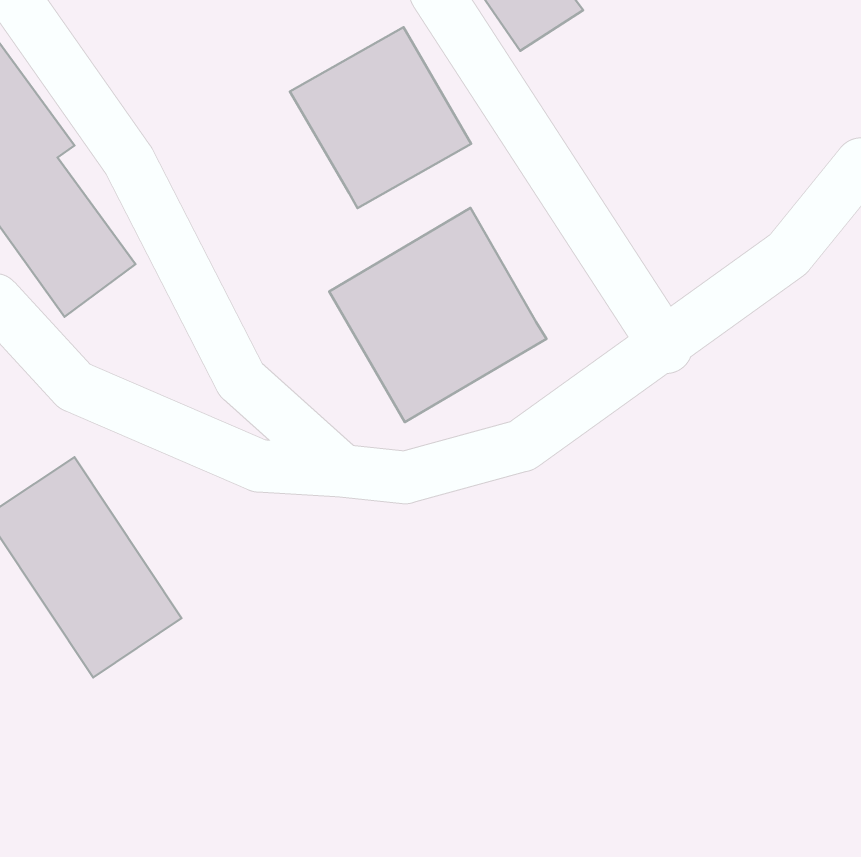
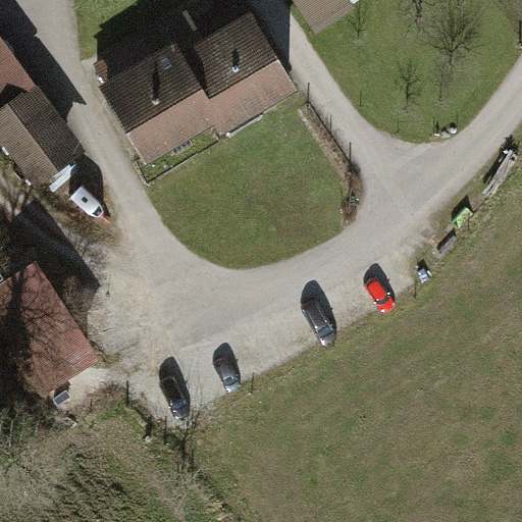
building: none -> [98,44,210,157]
building: [329,208,546,422] -> none

